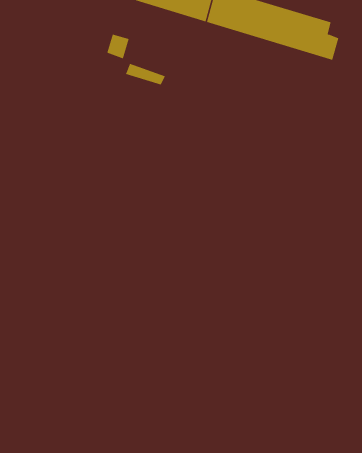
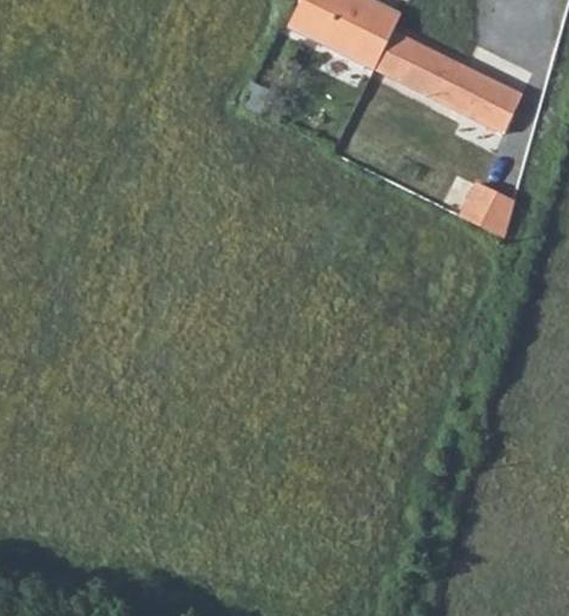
building: none -> [458,177,518,230]

